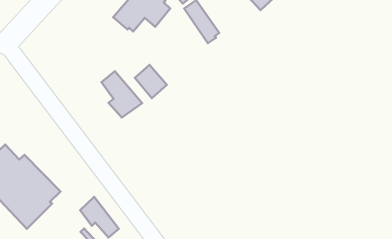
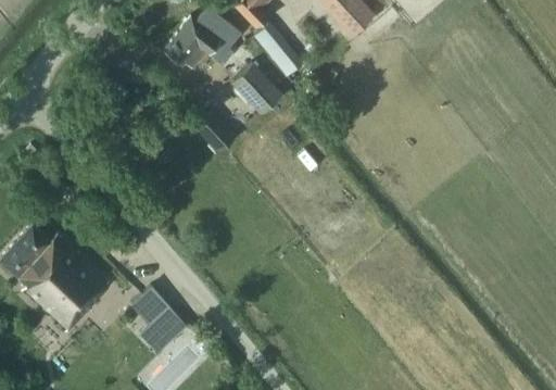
building: none -> [232,63,285,115]
building: [101,71,142,118] -> none

